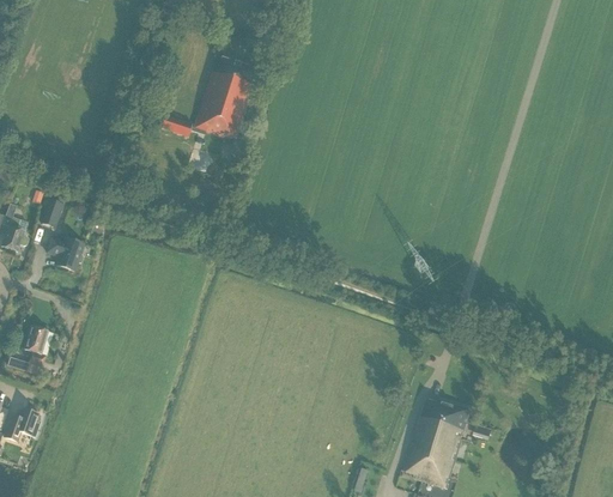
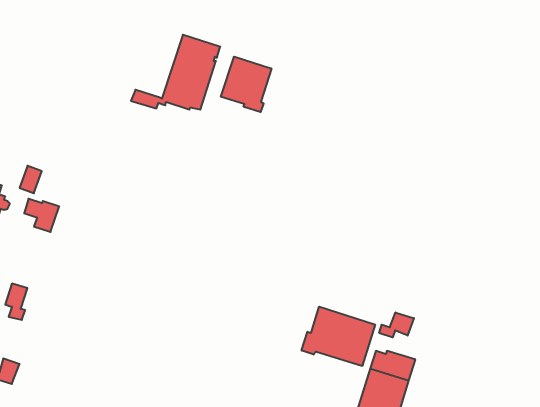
building: none -> [221,57,271,112]
building: none -> [302,307,375,366]
building: none -> [379,312,414,337]

